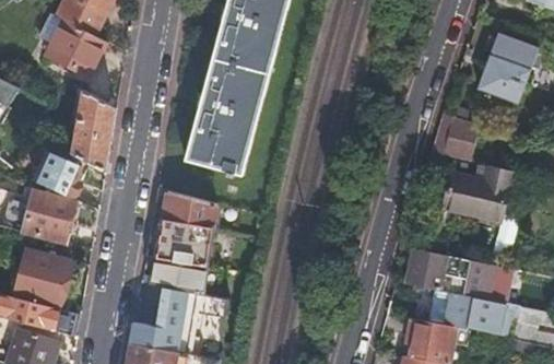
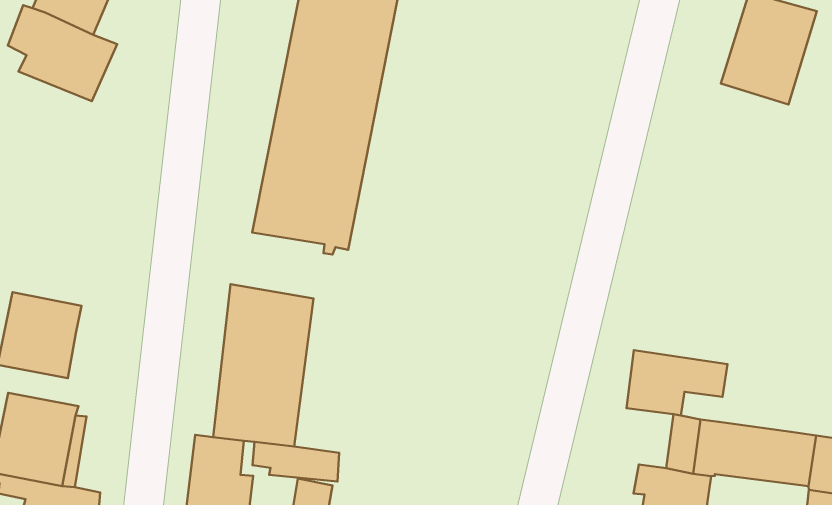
building: [72,89,118,172] -> none
building: [433,114,476,157] -> none
building: [35,153,82,198] -> none
building: [444,162,511,220] -> none
building: [461,260,511,304] -> none

